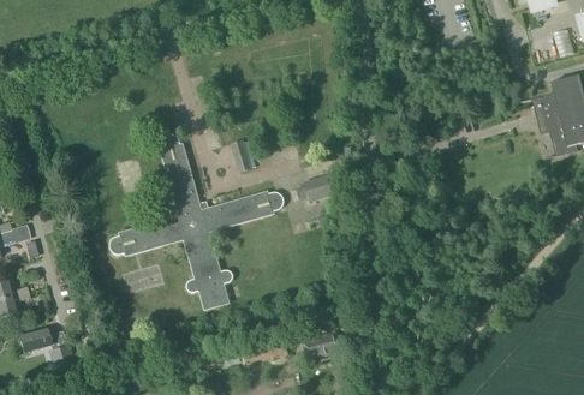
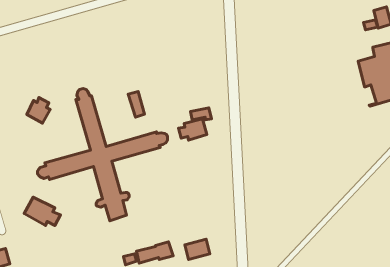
building: none -> [27,97,50,123]
building: none -> [24,197,60,226]

